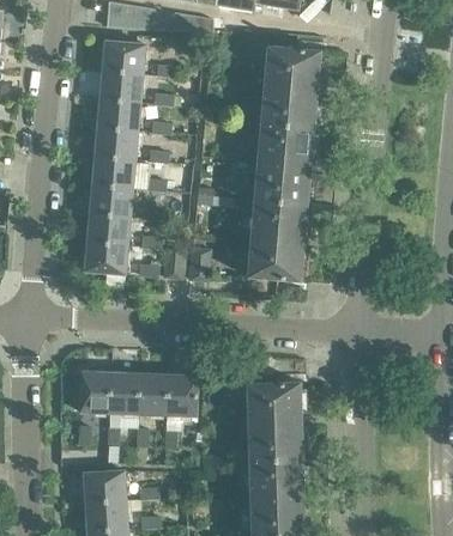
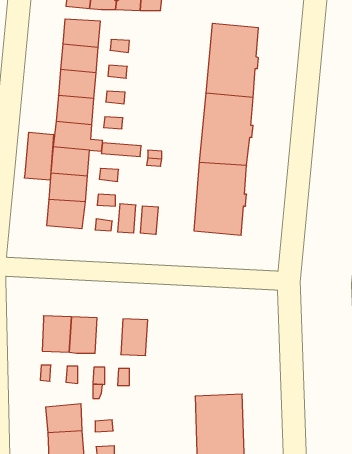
building: none -> [25,132,54,180]
building: [138,373,169,414] -> none
building: [248,382,302,461] -> none

